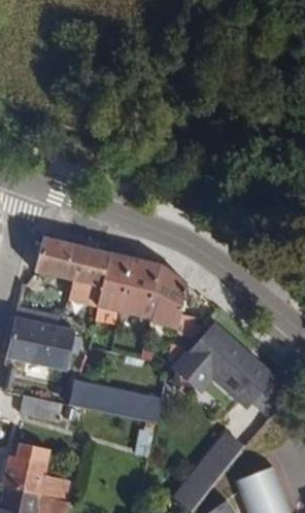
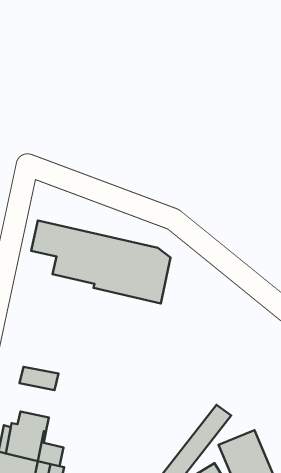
building: [7,319,75,370] -> none
building: [179,330,275,403] -> none
building: [72,382,163,422] -> none

